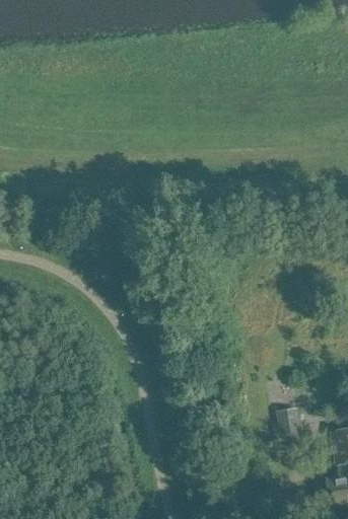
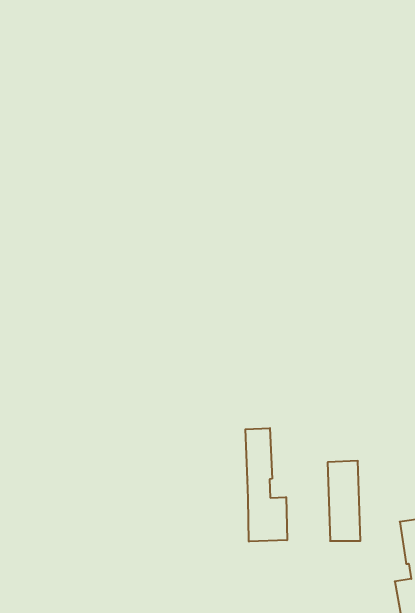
building: none -> [245,428,287,542]

